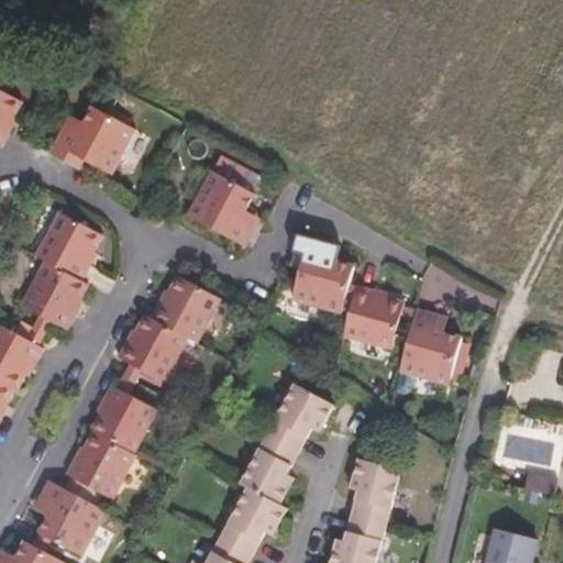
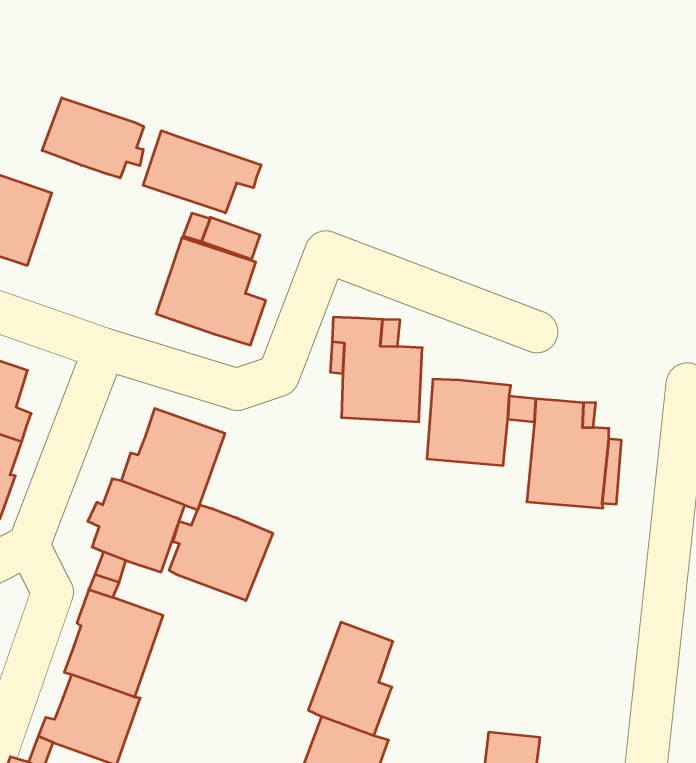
building: none -> [42,98,144,178]
building: none -> [143,131,261,213]
building: none -> [169,505,273,601]
building: [269,385,333,446] -> none
building: [350,461,397,522] -> none

